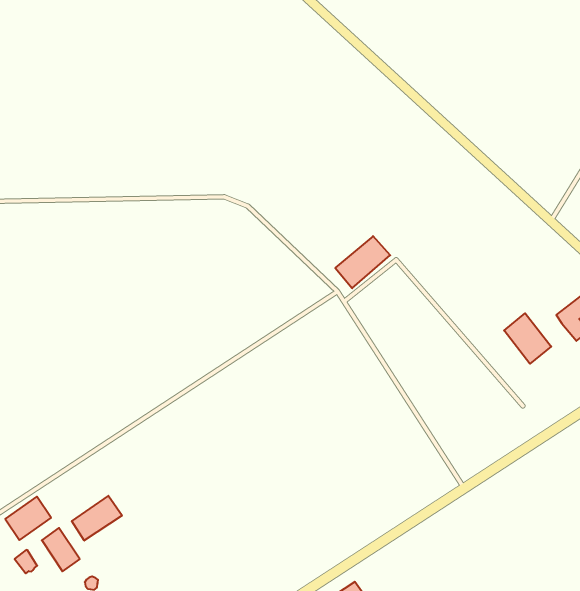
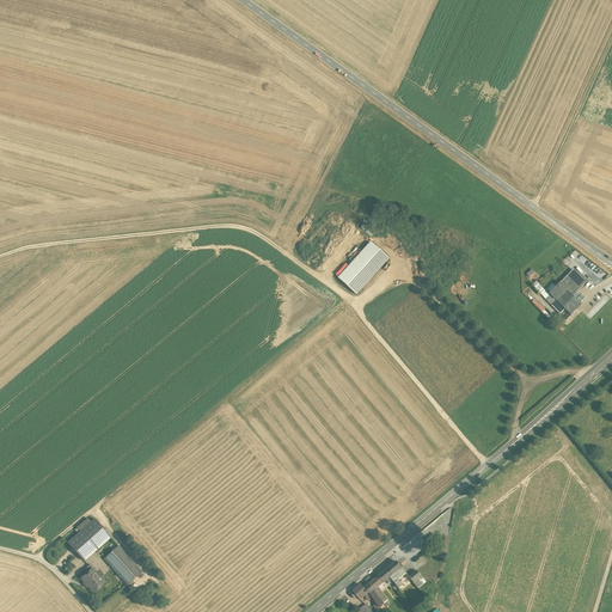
building: [504,313,551,364] -> none
building: [72,496,122,541] -> none

